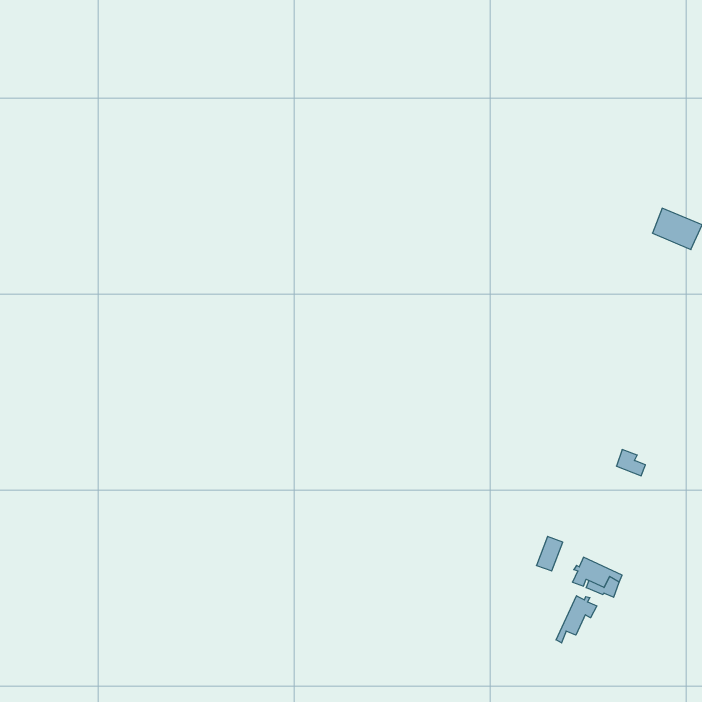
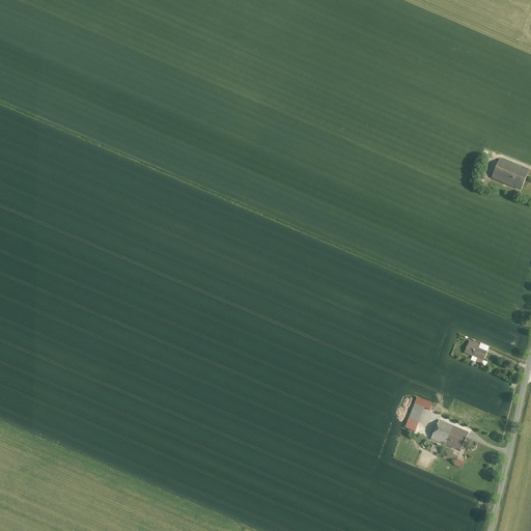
building: [556,596,597,643] -> none

